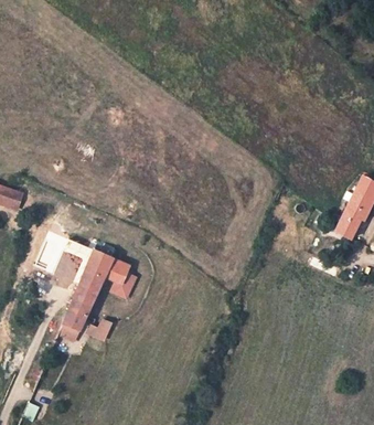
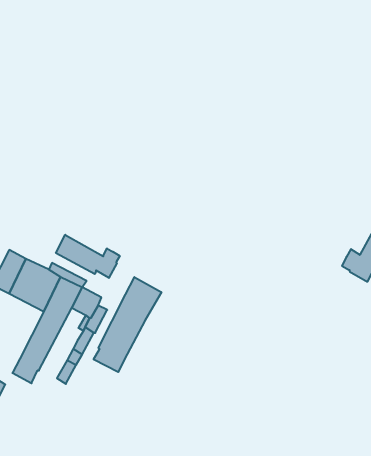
building: none -> [56,235,120,278]
building: none -> [94,277,161,372]

